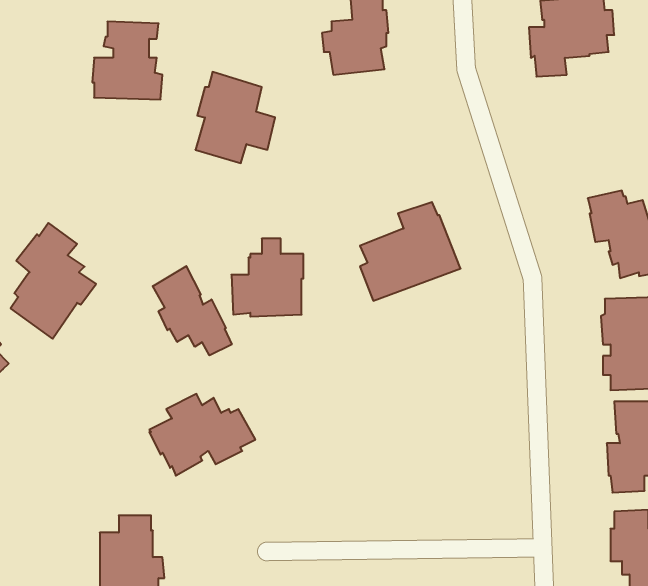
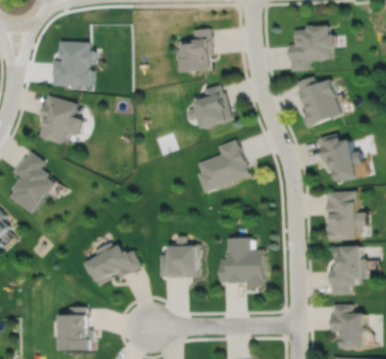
building: [195,72,275,163] -> [40,94,82,142]
building: none -> [297,77,341,126]
building: none -> [187,82,232,127]
building: [231,239,303,317] -> [160,236,199,278]
building: [153,266,232,355] -> none
building: none -> [220,237,266,288]

